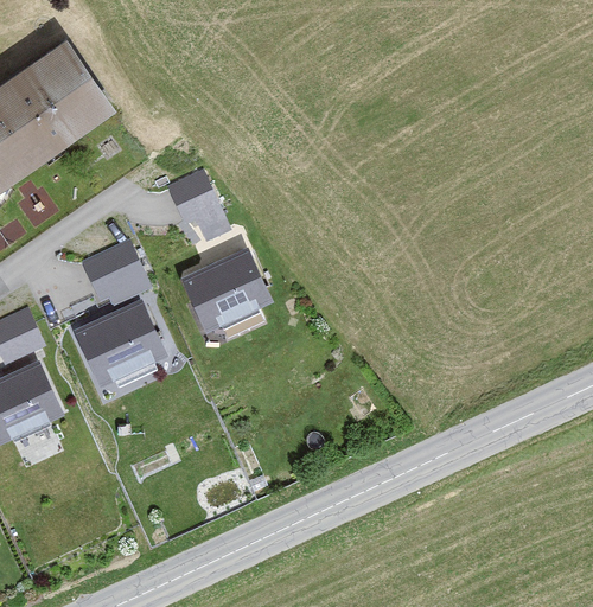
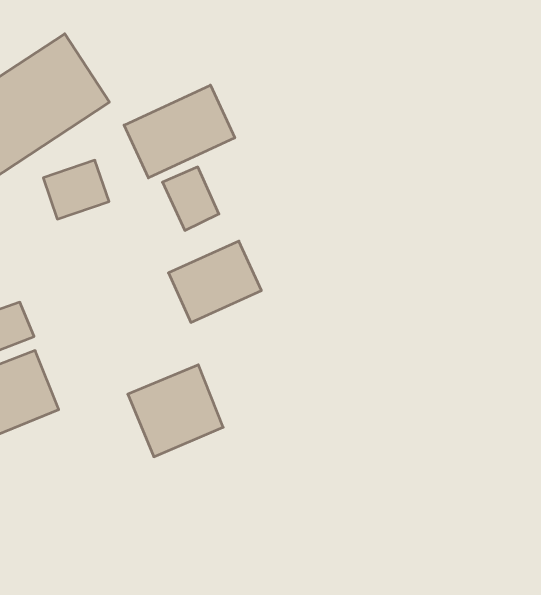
building: none -> [124,85,235,178]
building: [82,243,148,302] -> [43,160,109,219]
building: [75,299,171,391] -> [128,365,223,457]

